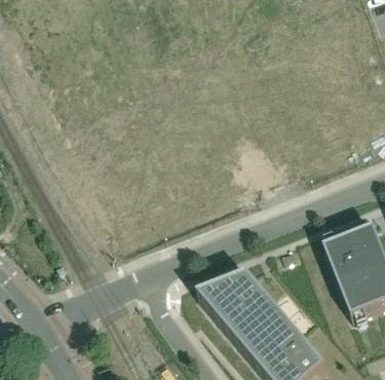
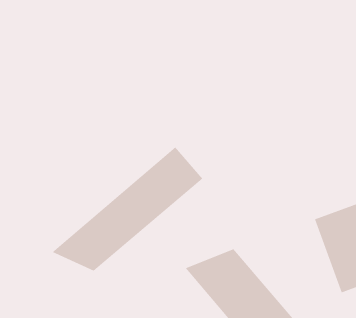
building: none -> [52,147,203,272]

